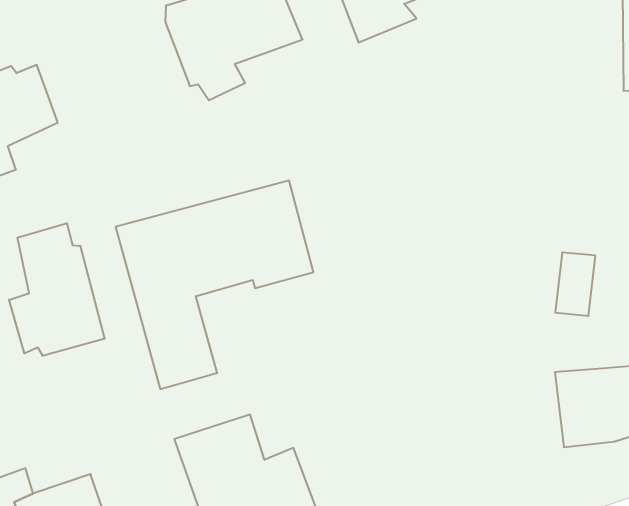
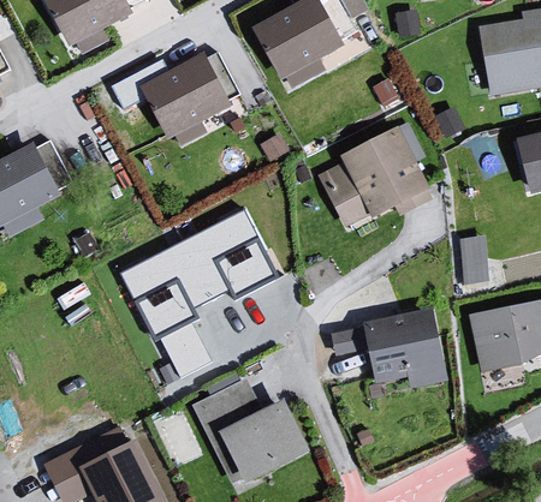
building: none -> [319,124,433,235]
building: [9,223,104,356] -> none
building: none -> [363,310,448,390]

